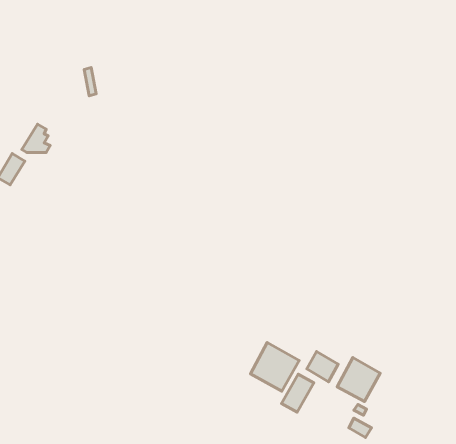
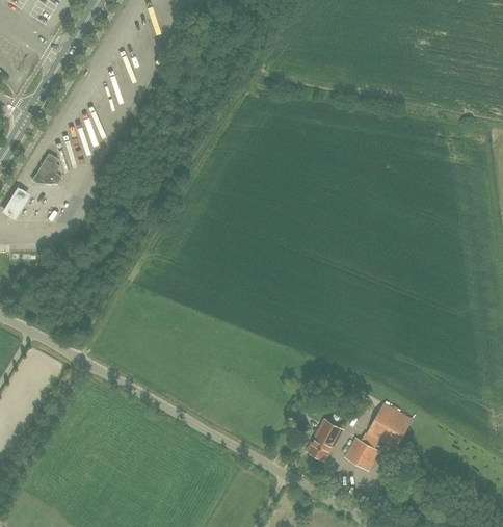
building: [250,342,299,391] -> none
building: [307,351,338,382] -> [345,438,378,470]

